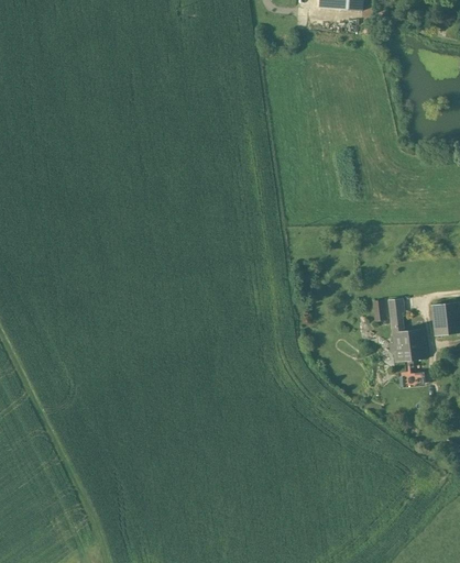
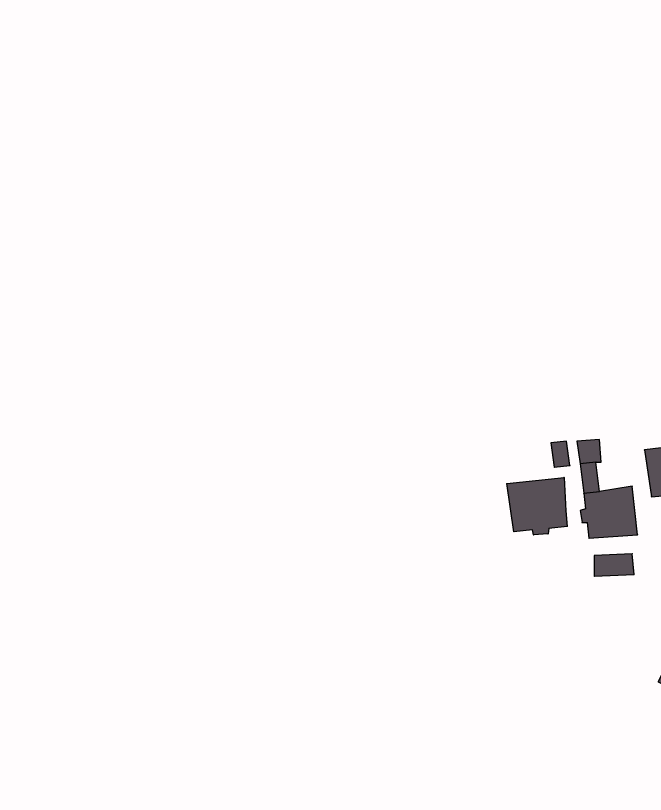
building: none -> [507,477,567,535]

